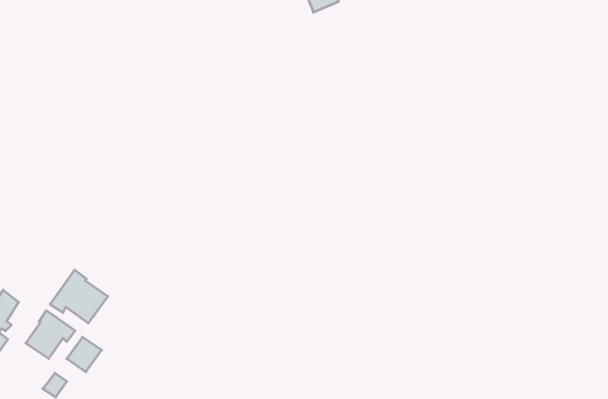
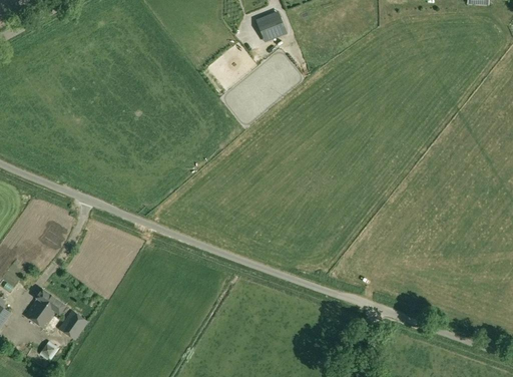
building: [50,270,108,323] -> none

